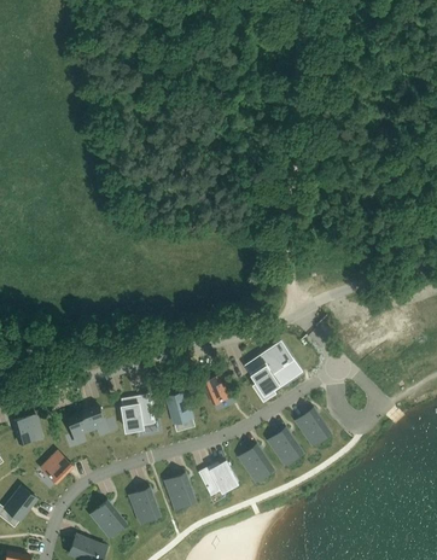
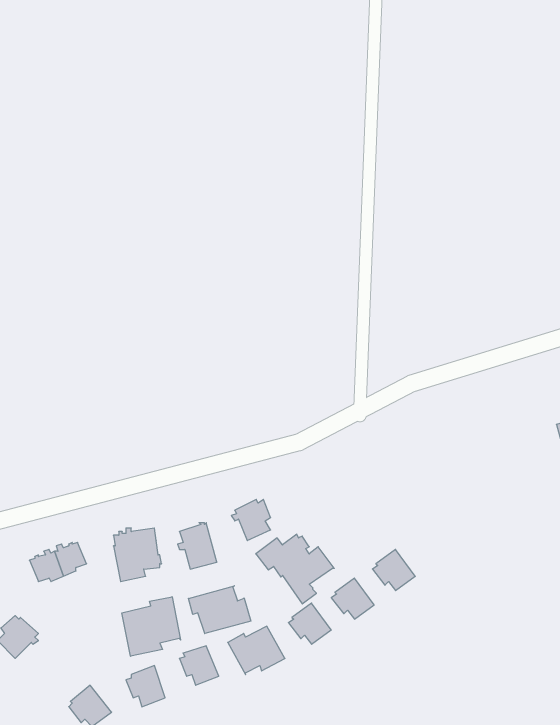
building: [235,351,289,398] -> [256,534,334,604]
building: none -> [188,586,251,634]
building: none -> [122,597,181,656]

